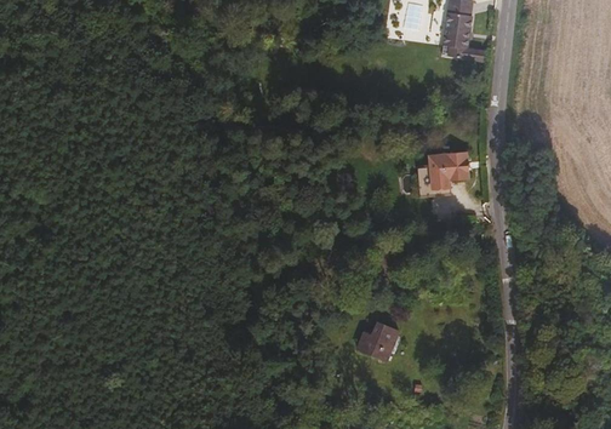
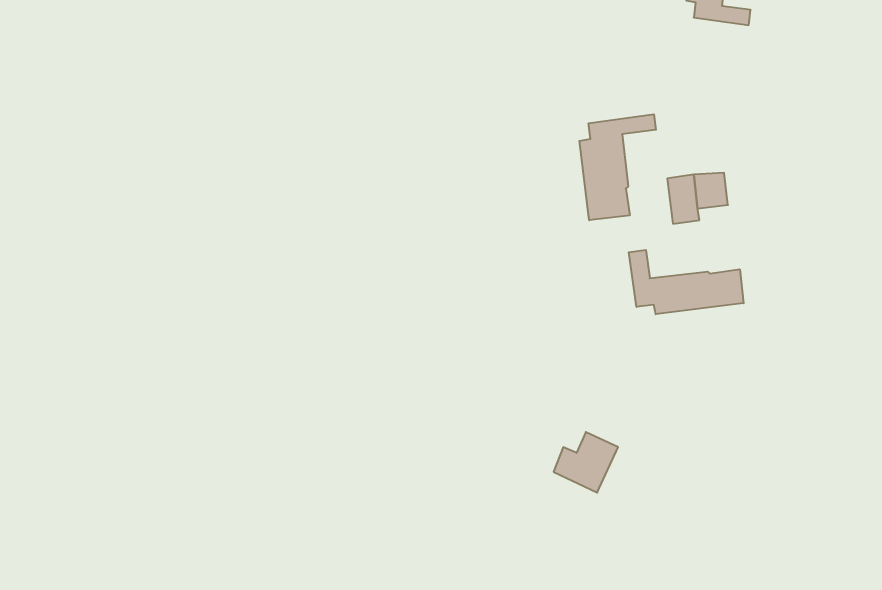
building: none -> [579,114,656,220]
building: none -> [629,250,744,314]

